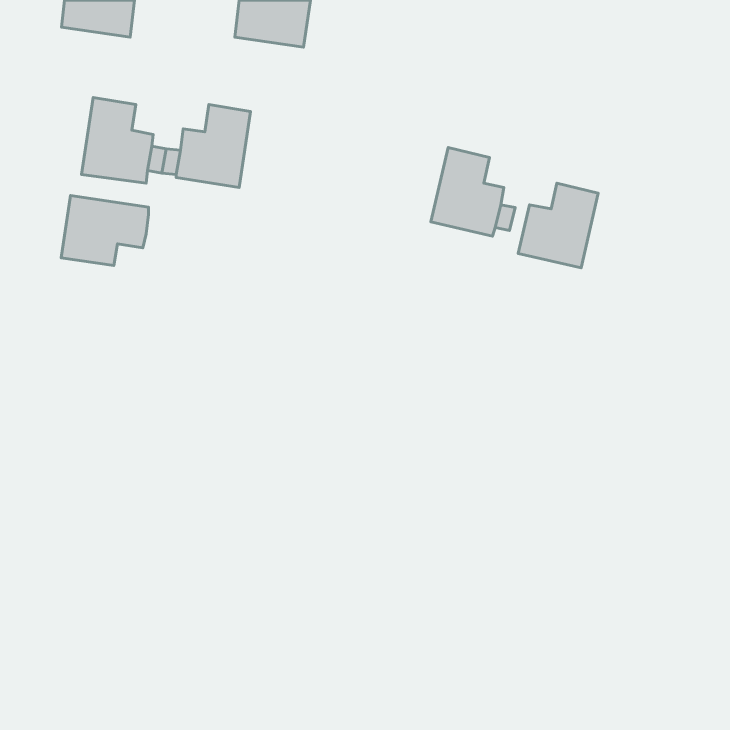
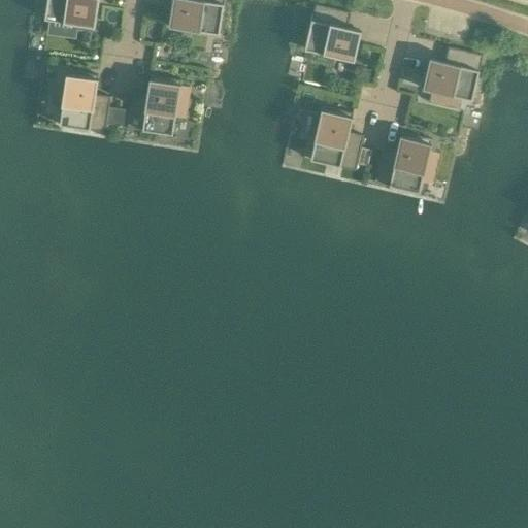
building: none -> [304,5,360,62]
building: none -> [423,48,483,101]
building: [61,196,149,265] -> none

